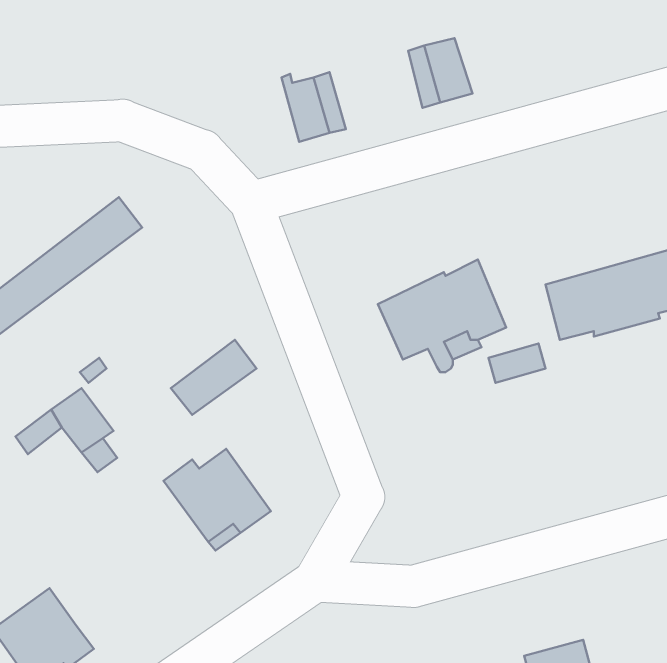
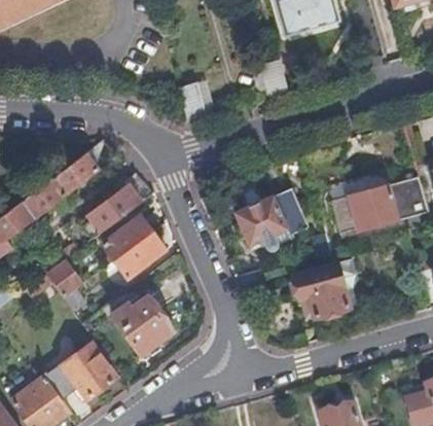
building: none -> [82,186,140,240]
building: none -> [103,217,152,261]
building: none -> [289,263,350,319]
building: none -> [45,343,117,401]

